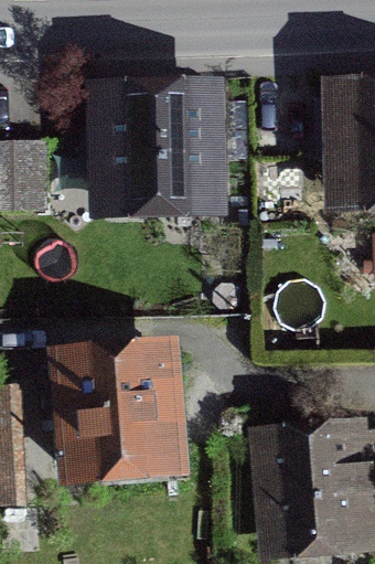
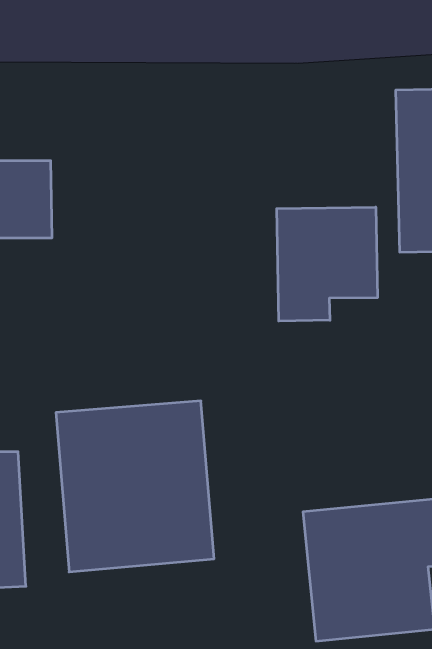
building: [79,94,211,204] -> none
building: none -> [277,207,377,321]

